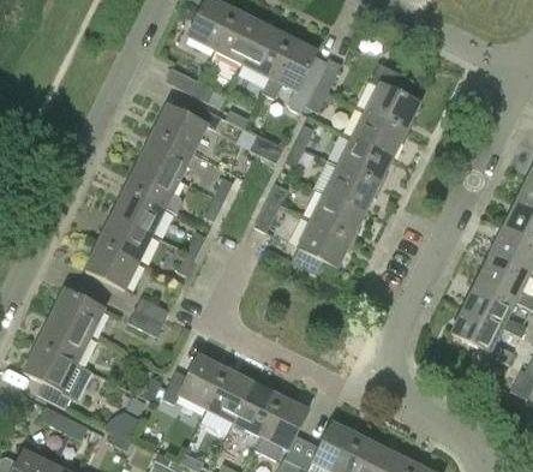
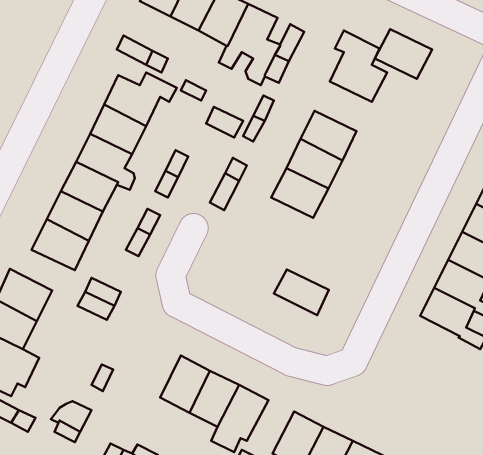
building: [351,110,405,157] -> [375,29,432,79]
building: [298,220,349,263] -> [274,269,329,315]
building: [161,354,224,408] -> none

